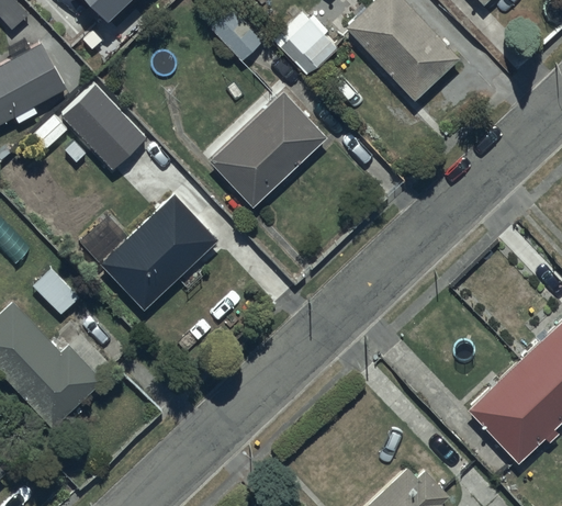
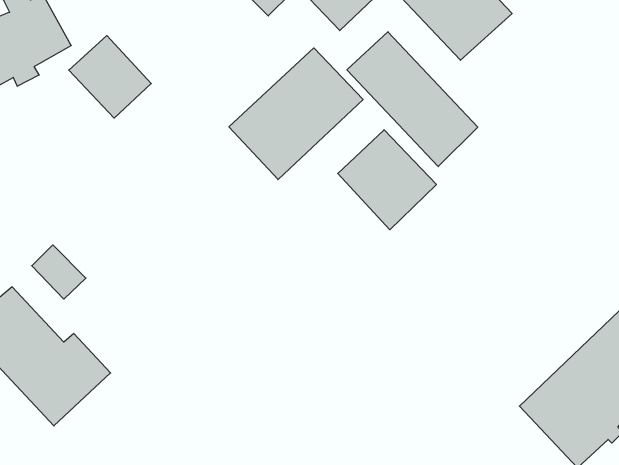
building: none -> [347,32,478,167]
building: none -> [338,130,436,230]
building: [81,194,218,312] -> none

